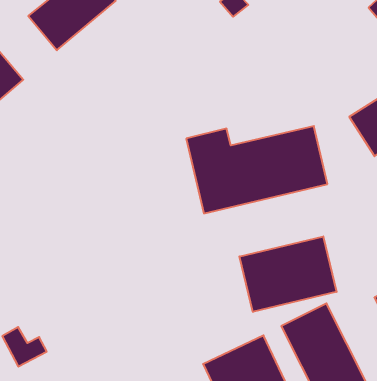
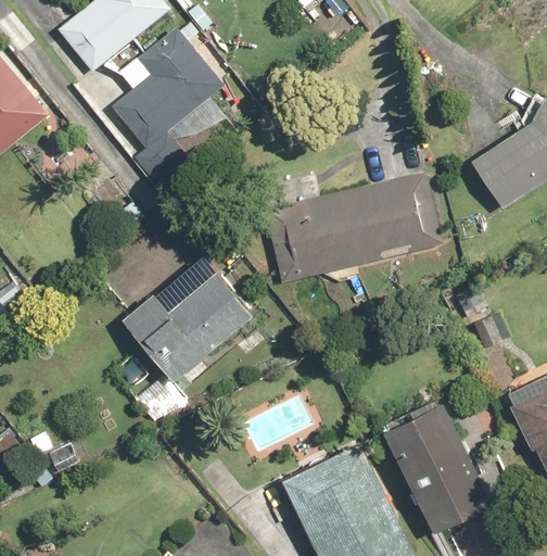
building: none -> [109,27,226,187]
building: none -> [124,256,254,420]
building: [239,236,337,312] -> none

